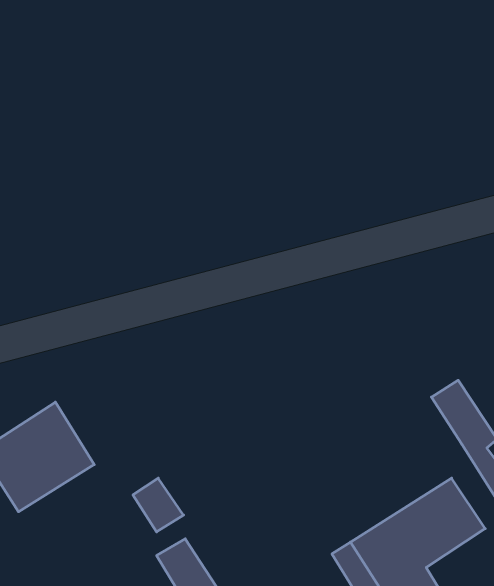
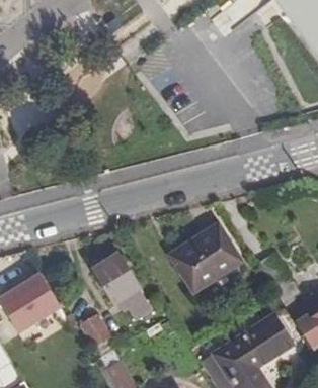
building: none -> [171,225,243,293]
building: none -> [94,254,140,303]

